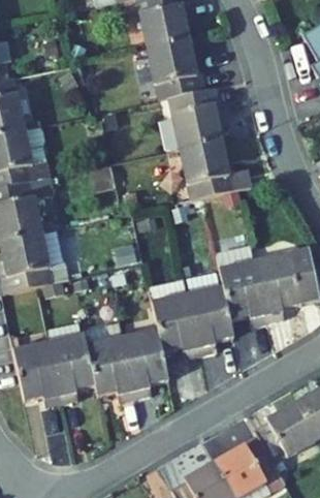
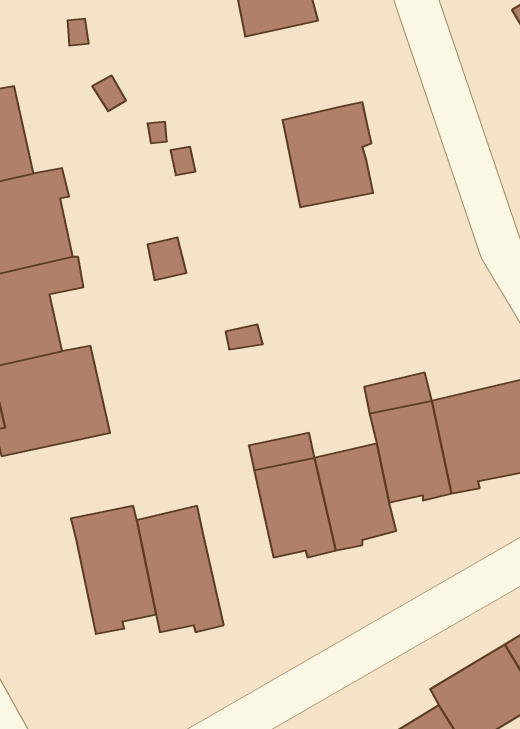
building: [148,39,205,99] -> none
building: [180,139,253,199] -> none
building: [123,329,169,391] -> none
building: [13,341,61,400] -> none

